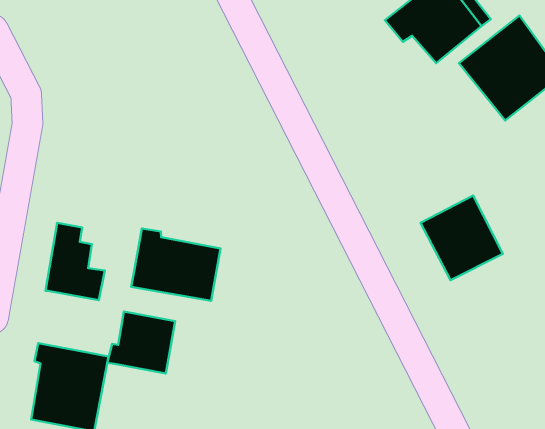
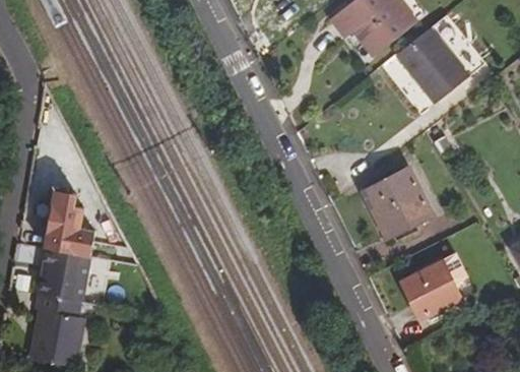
building: [131,228,221,301] -> none
building: none -> [400,262,460,320]
building: [107,312,175,373] -> [29,249,87,302]

